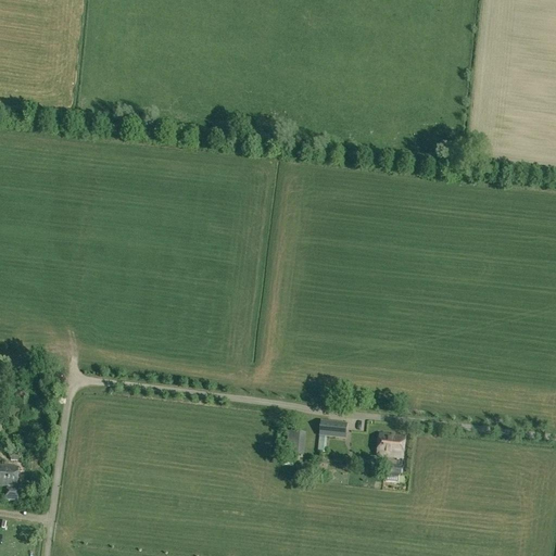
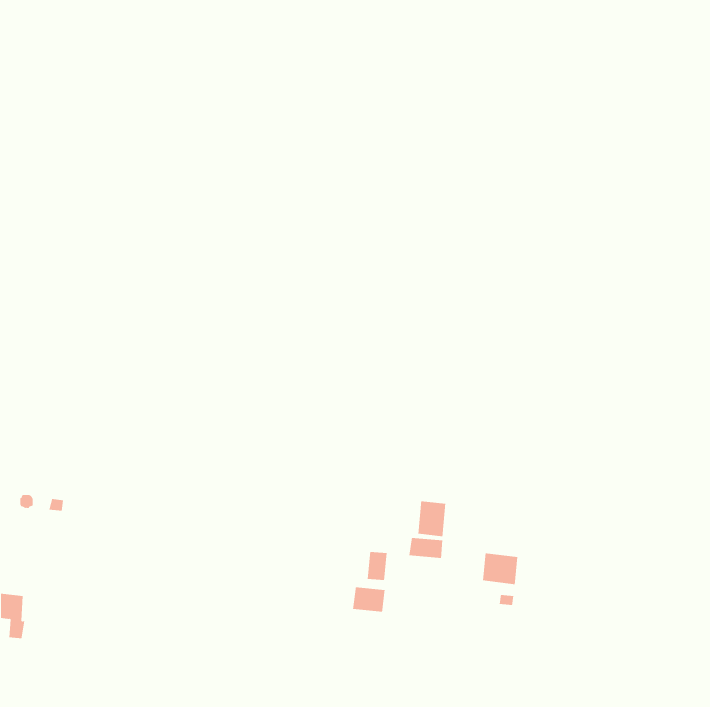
building: none -> [418,500,446,537]
building: none -> [353,586,385,612]

